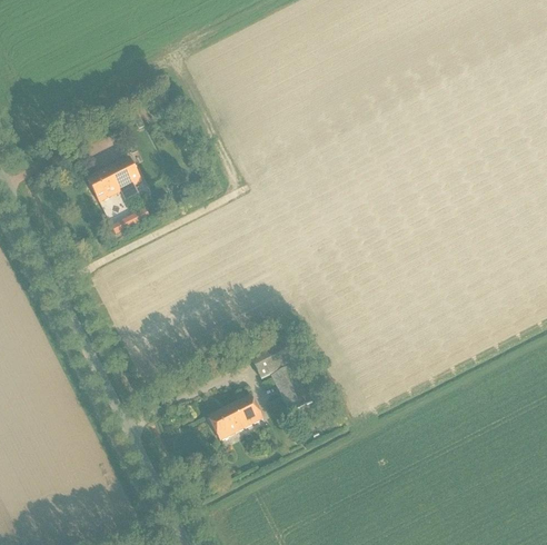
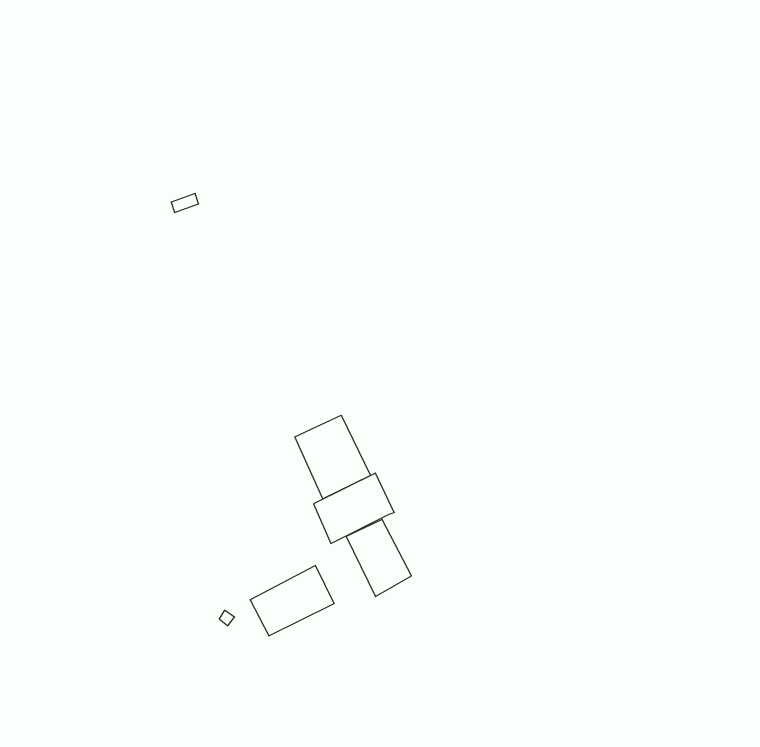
building: [89,160,142,205] -> none
building: none -> [295,415,370,499]

